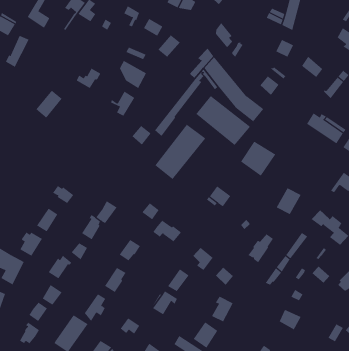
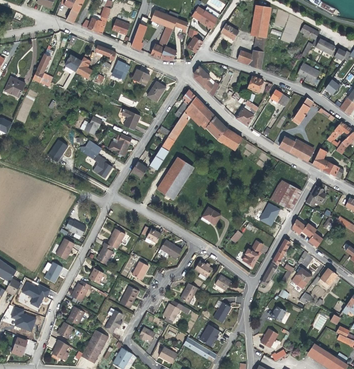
building: [196,95,251,146] -> none
building: none -> [80,141,112,179]
building: [240,141,276,177] -> [271,181,301,211]

